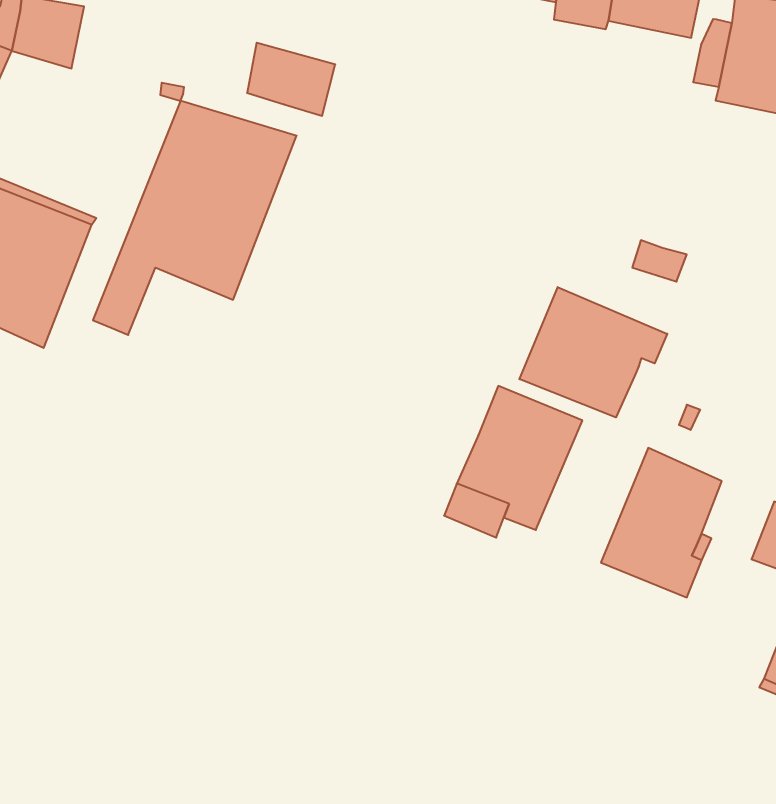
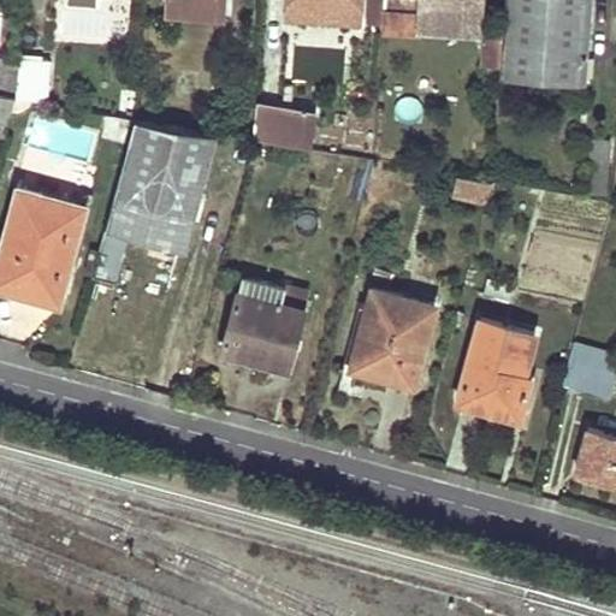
building: [247,43,335,116] -> [254,107,312,152]
building: [519,287,667,417] -> none
building: none -> [225,278,309,368]

